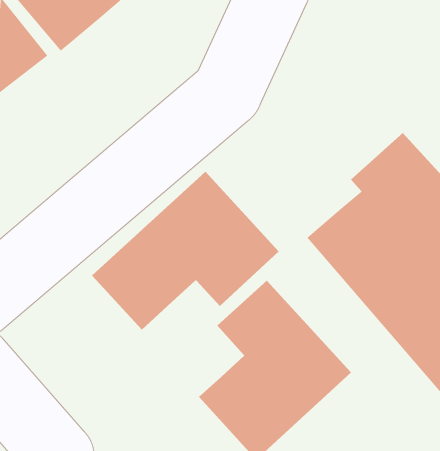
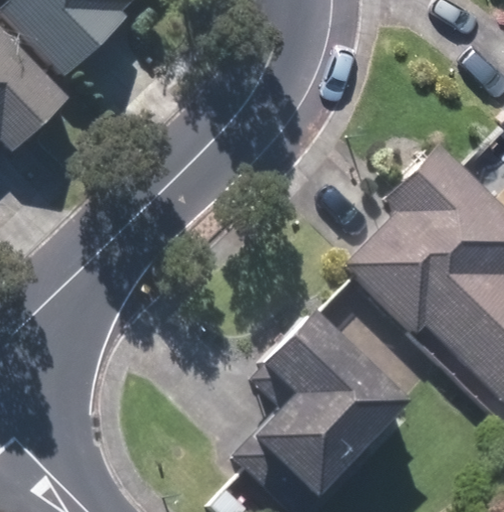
building: [91,171,279,330] -> none

